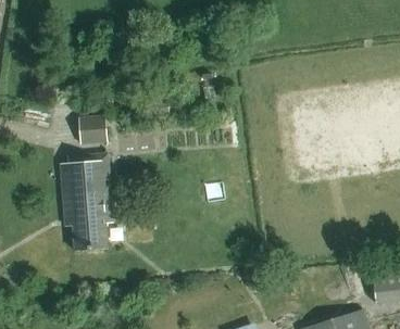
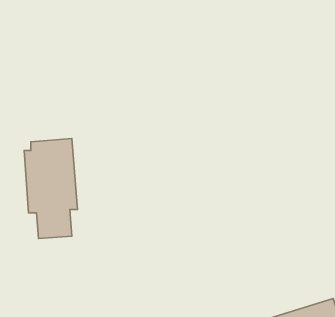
building: [77,113,105,141] -> none

